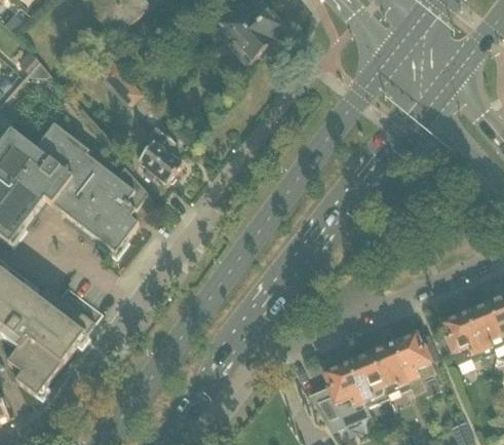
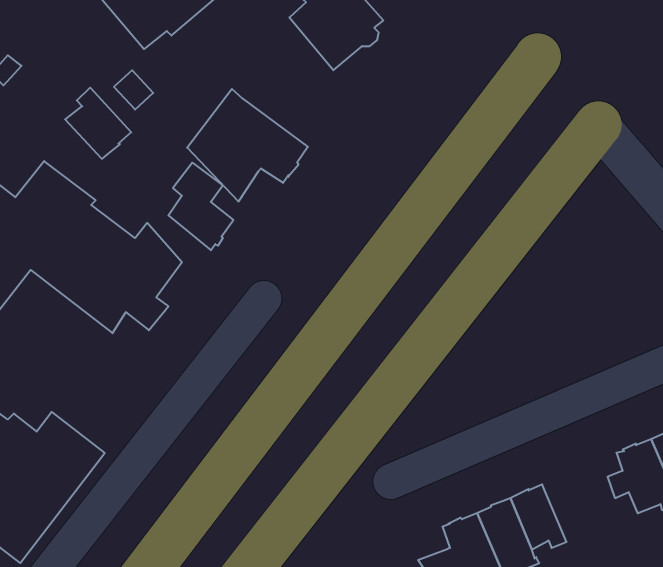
building: none -> [65,88,131,159]
building: none -> [187,89,308,202]
building: [391,332,434,393] -> none

